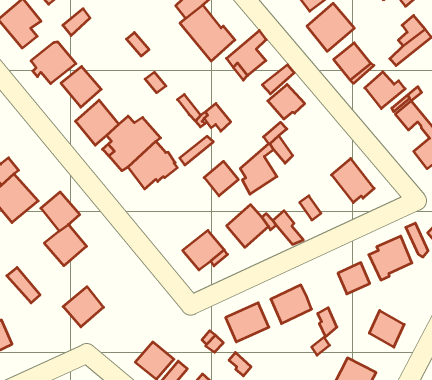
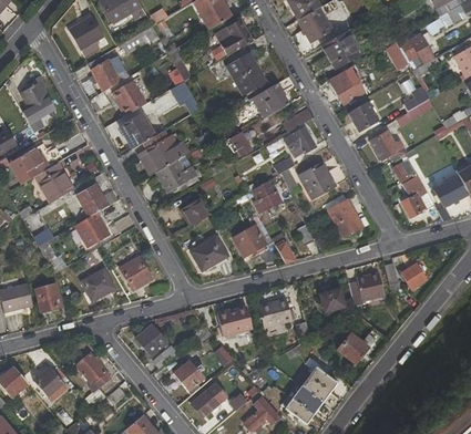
building: none -> [298,161,337,199]
building: [204,161,238,196] -> [180,198,208,227]
building: none -> [120,256,153,290]
building: none -> [34,283,61,312]

